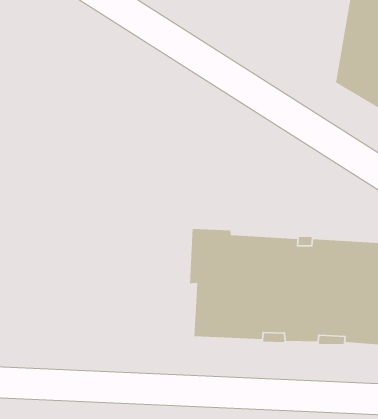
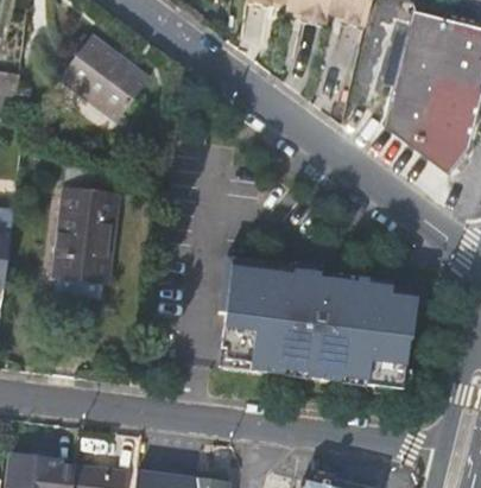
building: none -> [59,37,150,125]
building: none -> [51,165,120,300]

